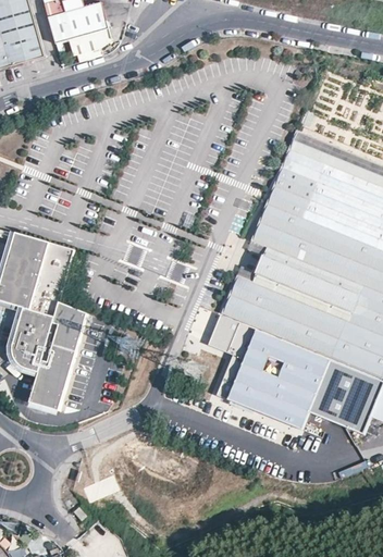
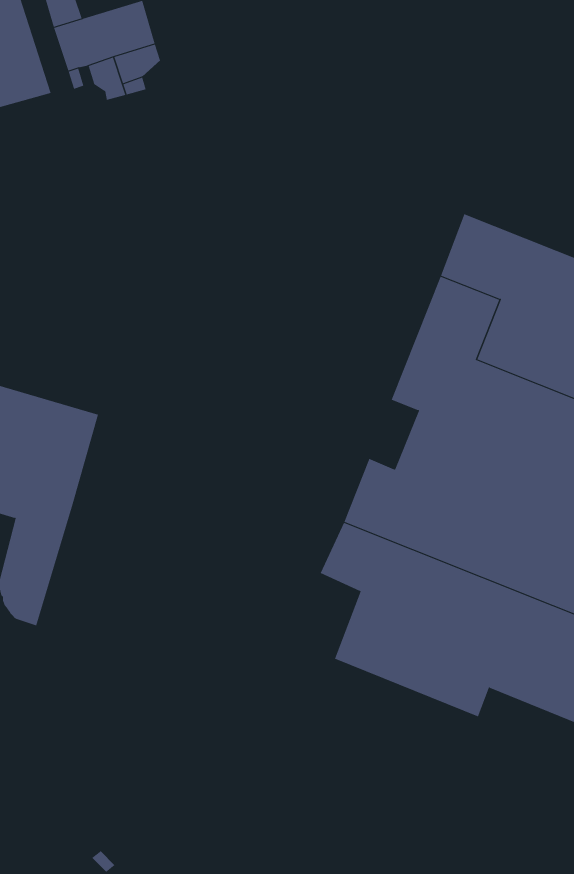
building: [29,301,87,409] -> none

